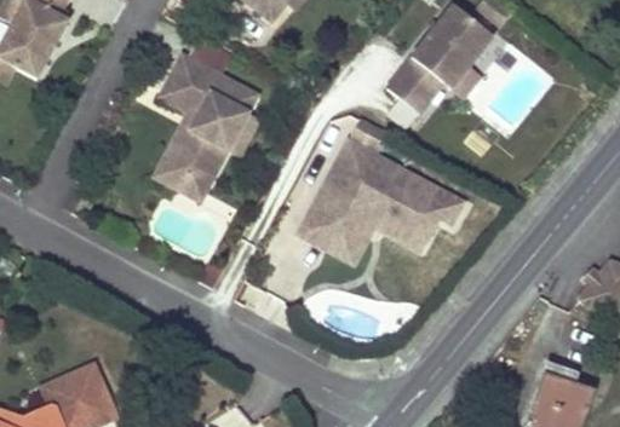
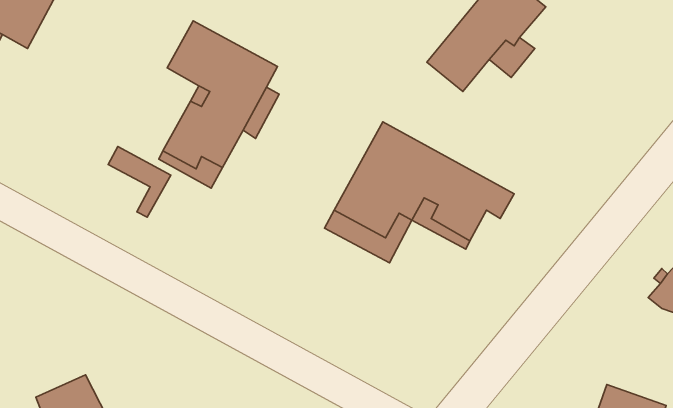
building: none -> [108,146,171,217]

